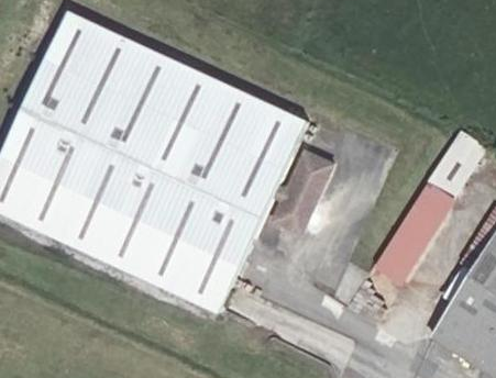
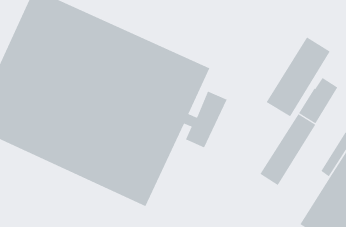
building: none -> [266,36,331,117]

